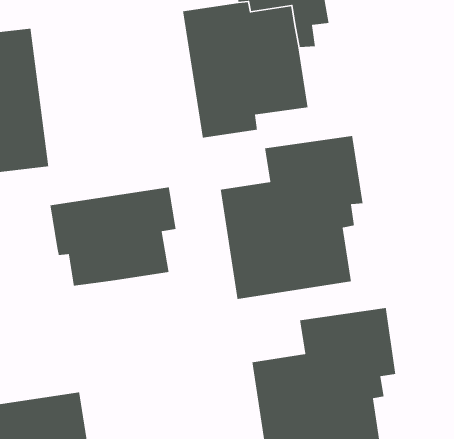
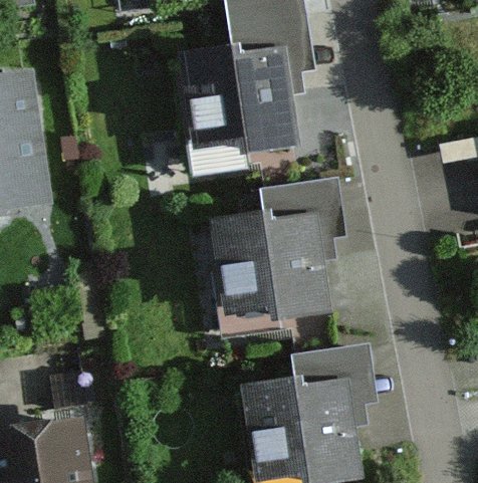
building: [49,186,176,287] -> none

